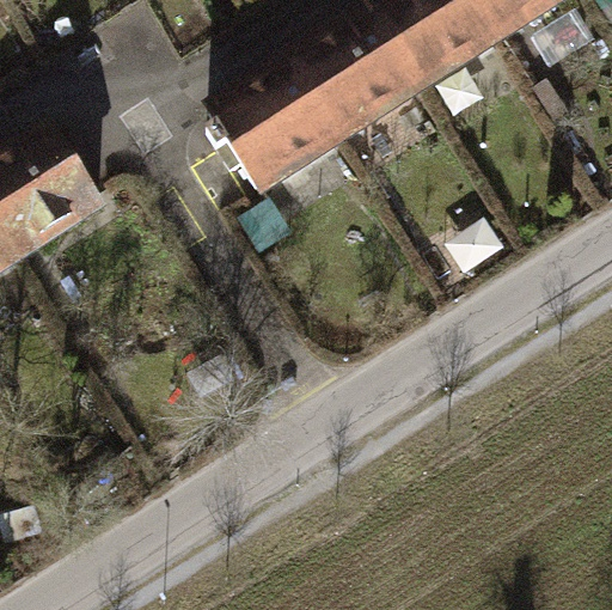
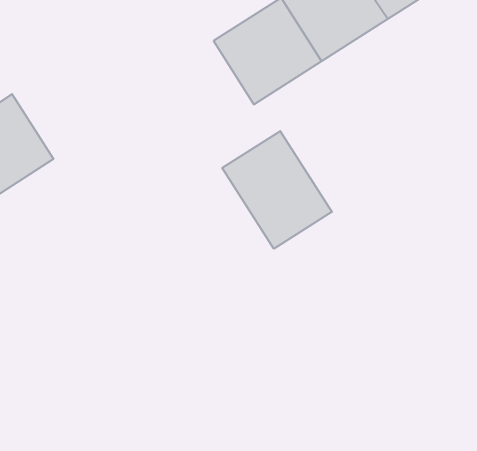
building: [209,62,341,190] -> none
building: none -> [222,131,332,249]

